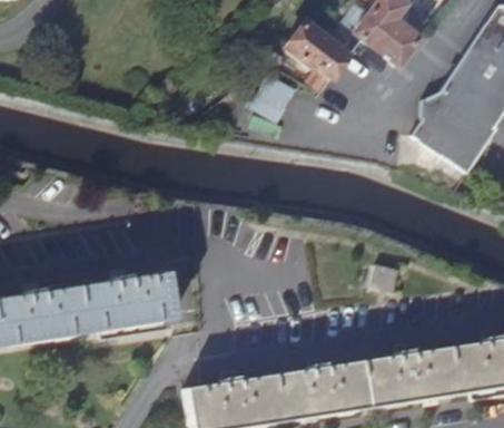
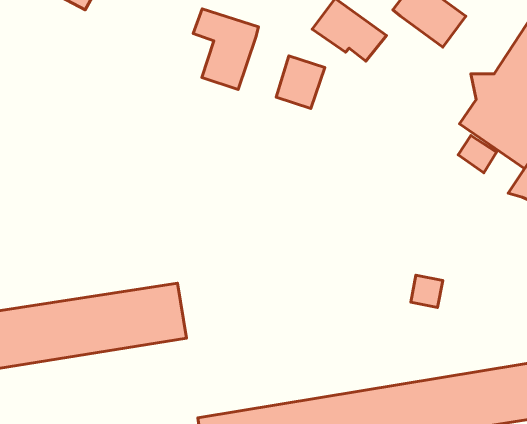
building: none -> [193,9,259,89]

